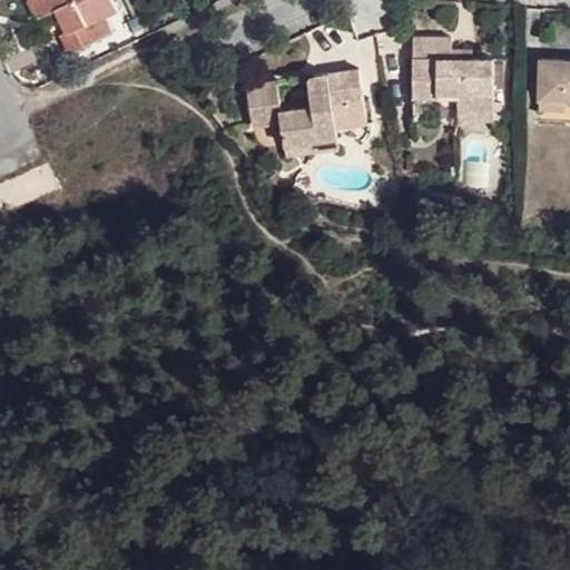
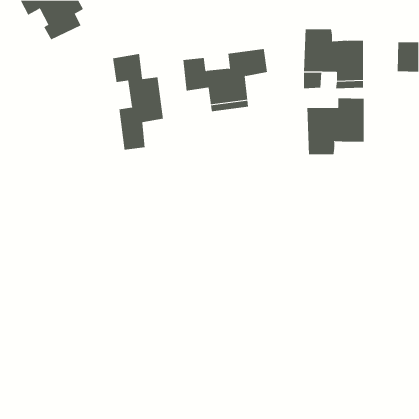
building: none -> [112,53,164,151]
building: none -> [307,97,364,155]

